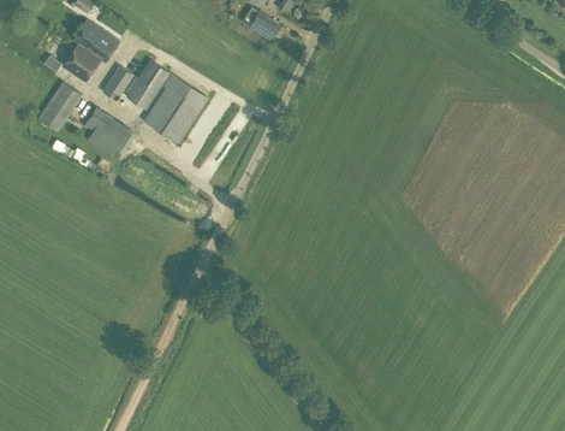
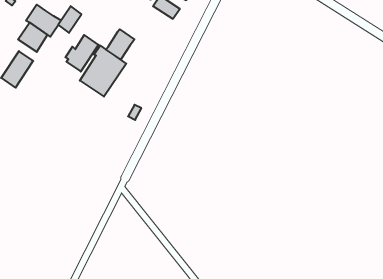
building: none -> [106,29,134,60]
building: [102,65,133,101] -> [58,6,81,33]
building: [82,107,129,157] -> none

